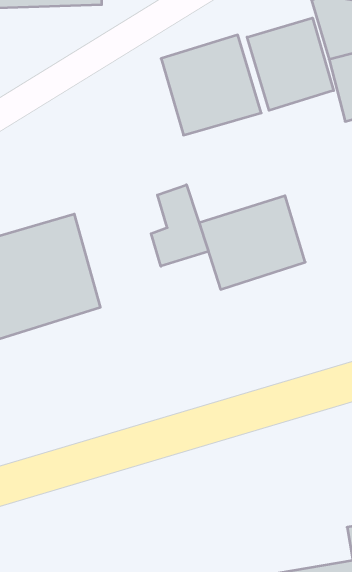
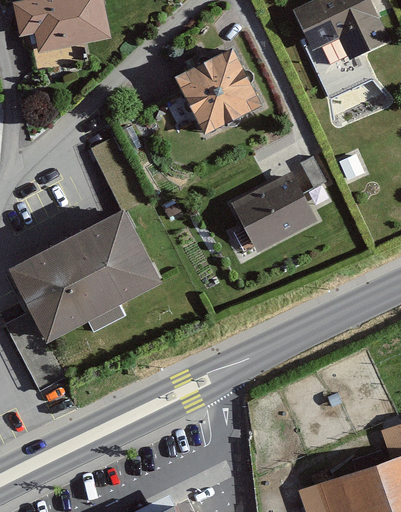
building: [247,18,334,110] -> none
building: [151,185,208,266] -> none

